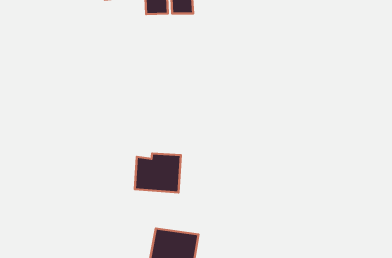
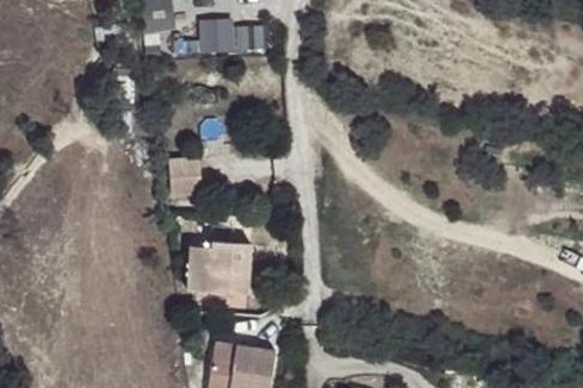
building: none -> [169,157,203,196]

